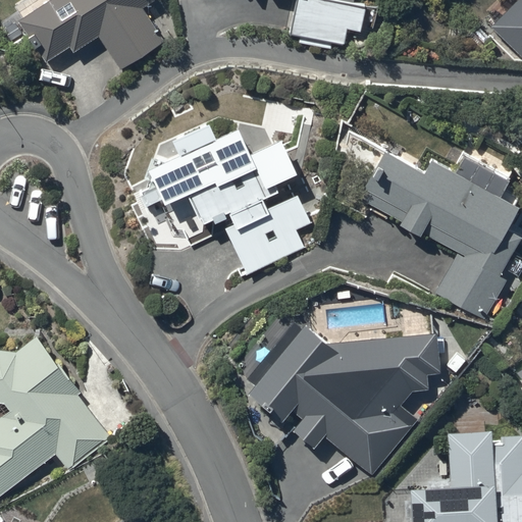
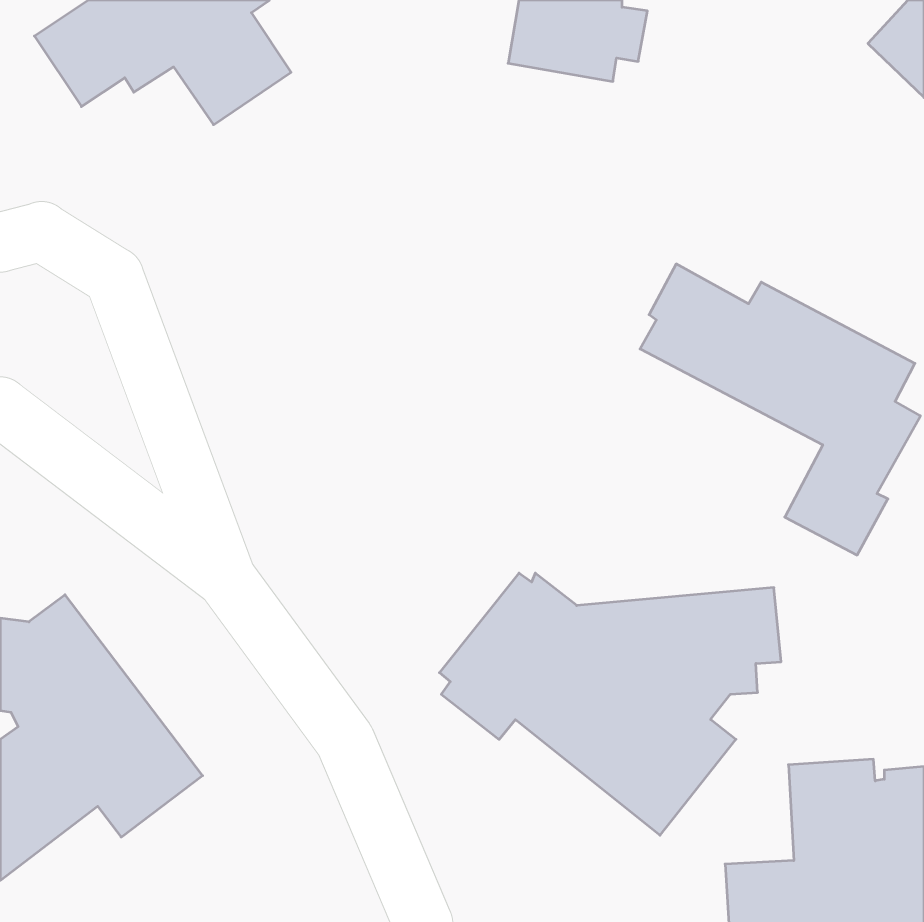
building: [144,122,311,273] -> none

